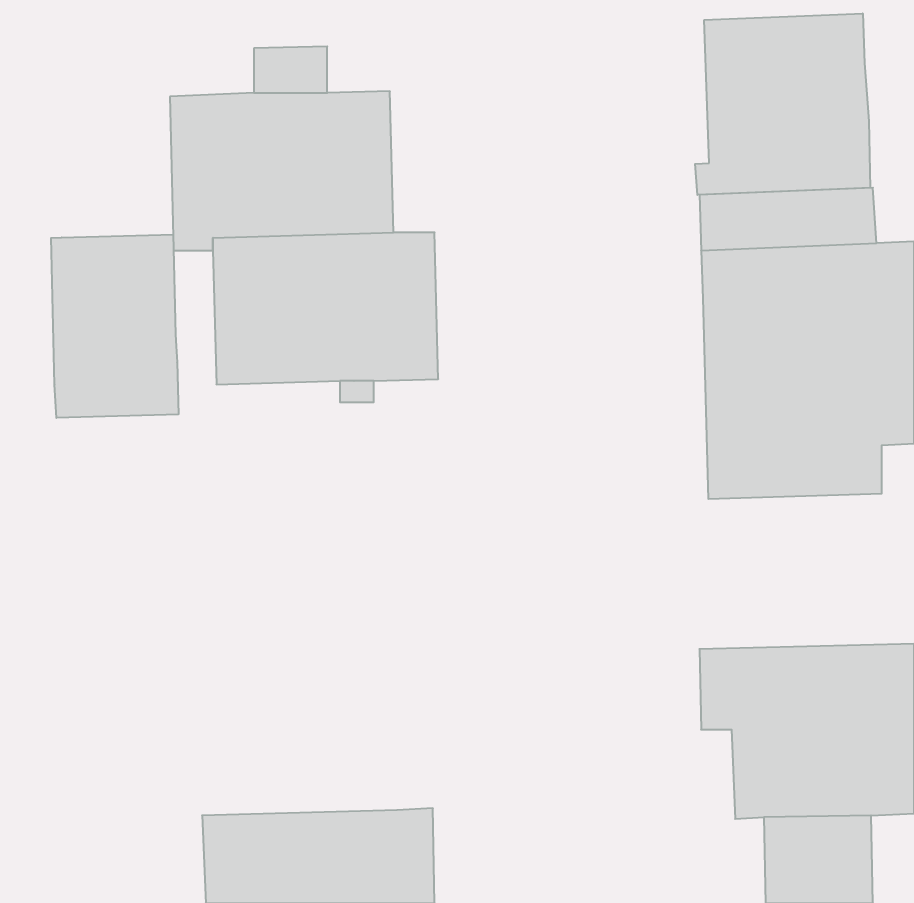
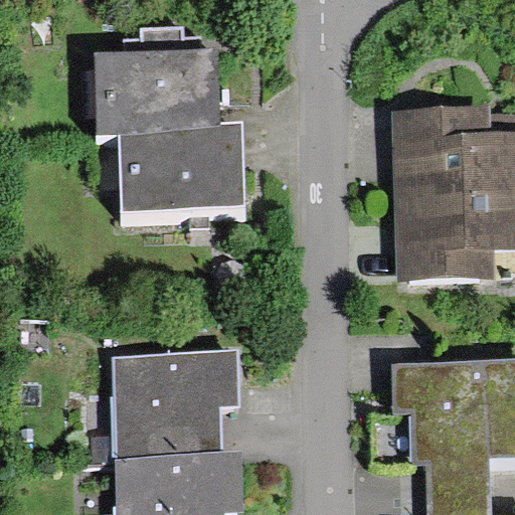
building: [695,13,870,195] -> none
building: [51,234,178,418] -> none
building: none -> [111,352,240,459]

